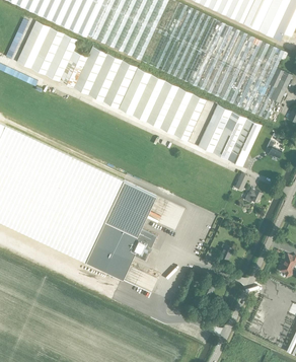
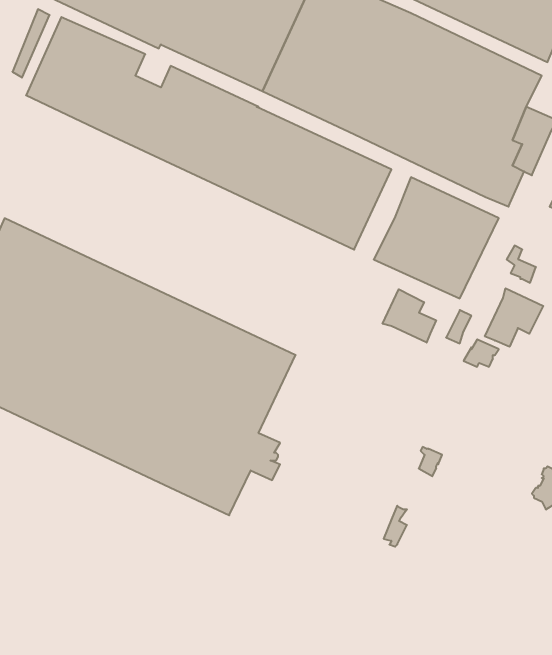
building: none -> [485,288,543,347]
building: none -> [383,289,436,343]

